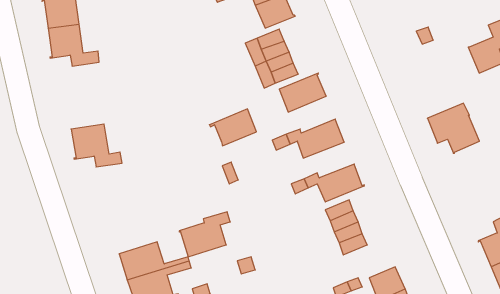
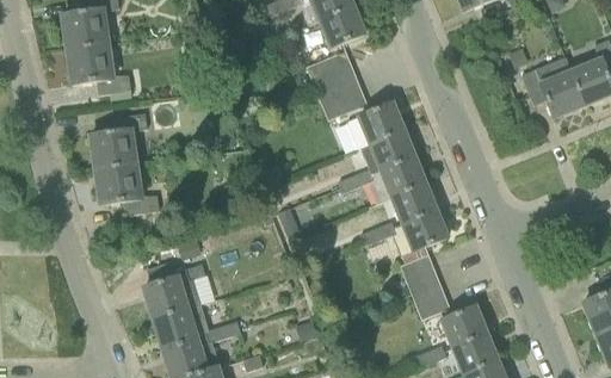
building: none -> [91,112,147,168]
building: [427,103,479,153] -> [523,56,585,116]
building: [209,109,256,146] -> [357,129,413,173]
building: none -> [375,184,436,227]
building: [179,212,230,257] -> [144,264,205,317]
building: none -> [443,305,485,346]

